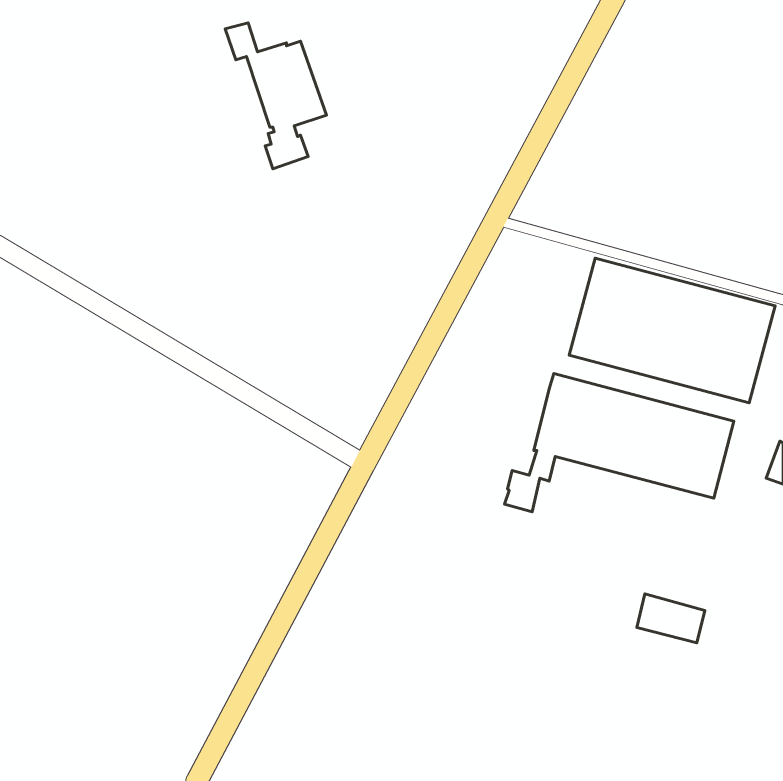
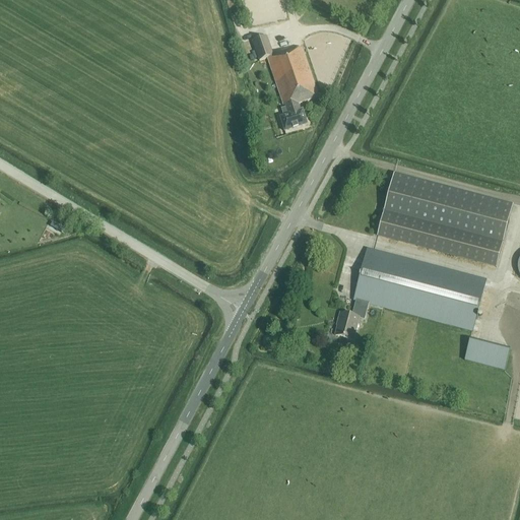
building: [225,23,327,169] -> [251,34,318,130]
building: [637,594,705,643] -> [463,336,508,369]

